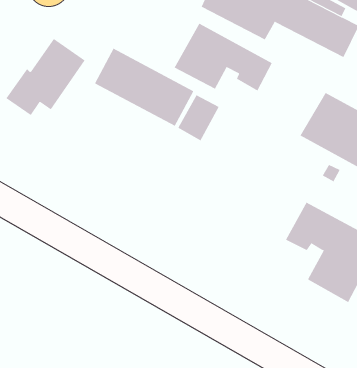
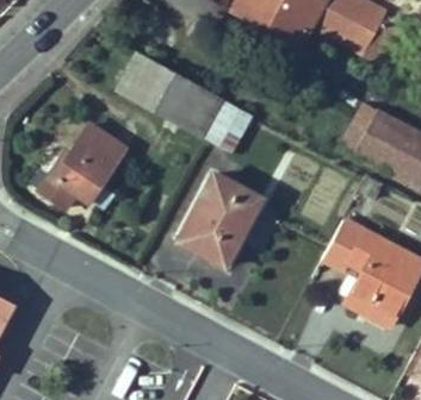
building: [174,23,272,92] -> none
building: [6,38,86,116] -> [39,125,125,208]
building: none -> [177,171,259,268]

